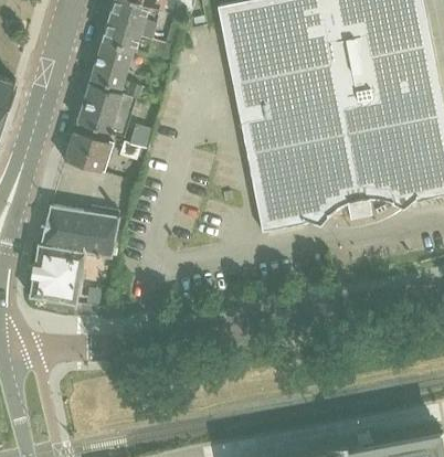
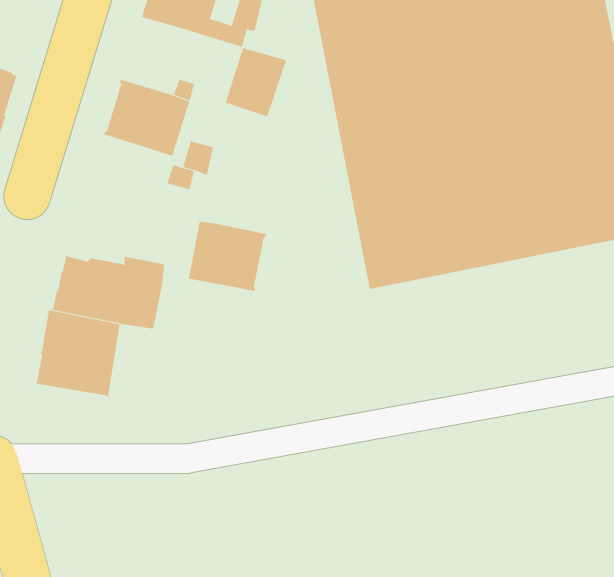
building: [89,39,133,87] -> [225,47,287,117]
building: [63,129,113,172] -> none
building: none -> [188,221,266,292]

